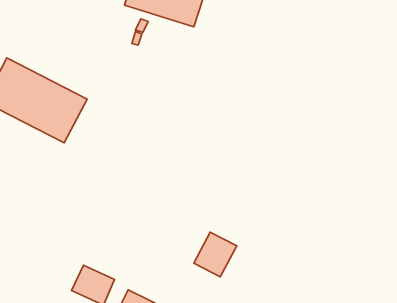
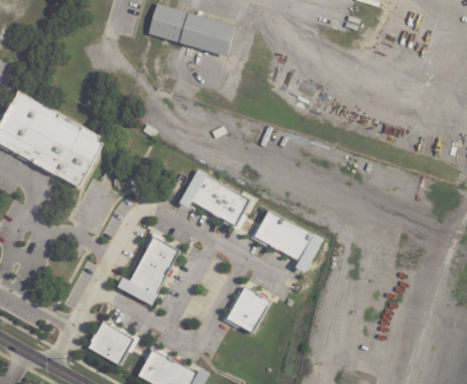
building: none -> [180,170,250,226]
building: none -> [253,211,323,273]
building: none -> [117,235,180,304]

